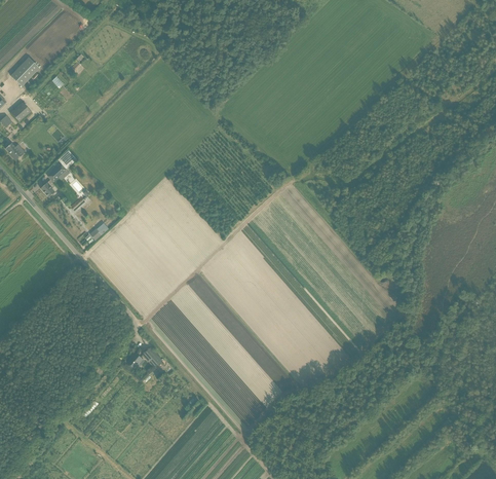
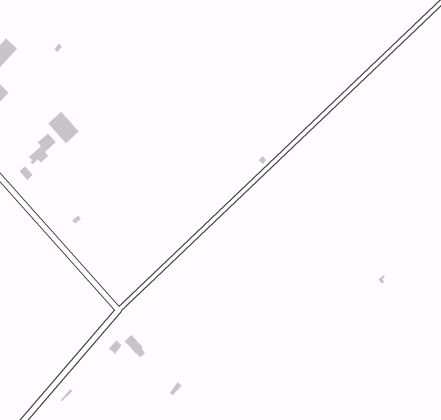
building: none -> [48,111,79,144]

